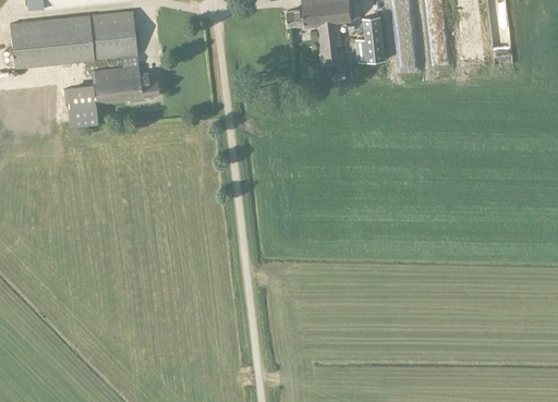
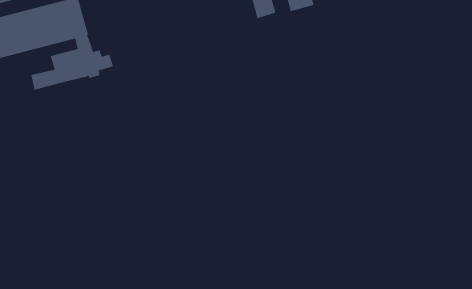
building: [69,102,100,126] -> none

